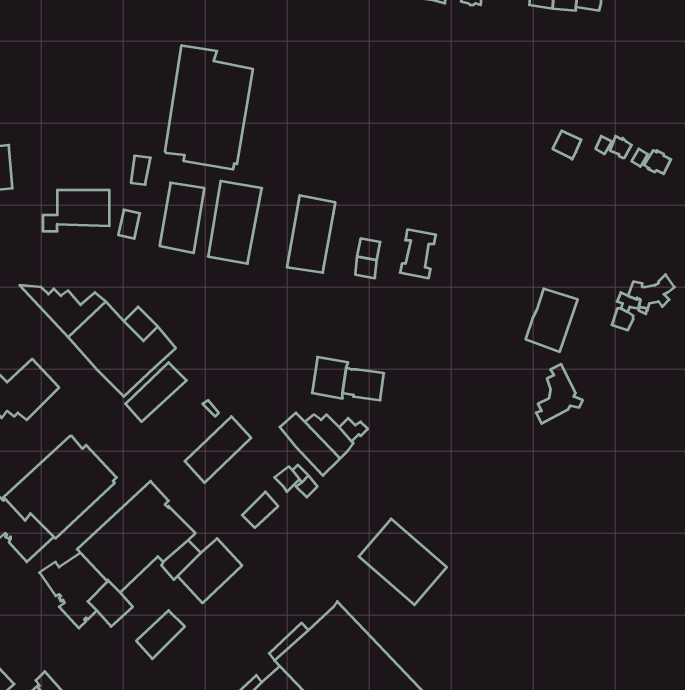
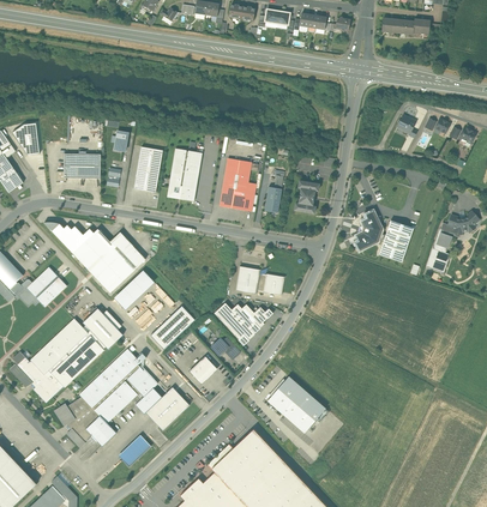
building: [165,45,253,169] -> none
building: [536,364,583,424] -> [354,211,385,251]
building: none -> [82,308,122,349]

